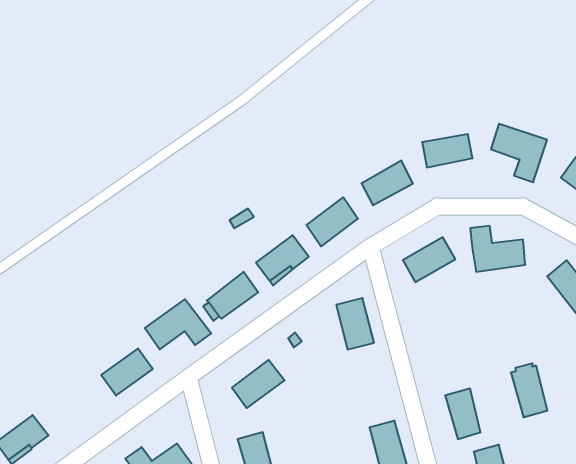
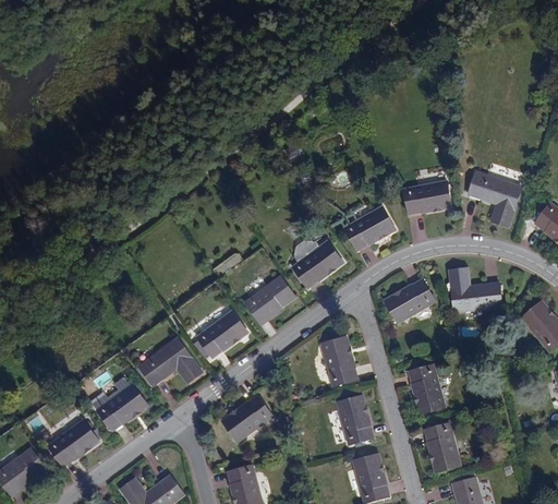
building: none -> [336,396,372,444]
building: [511,363,547,417] -> [408,362,442,413]
building: none -> [48,420,98,466]

